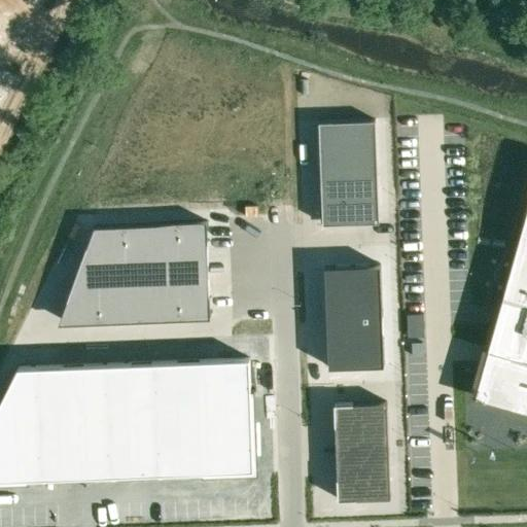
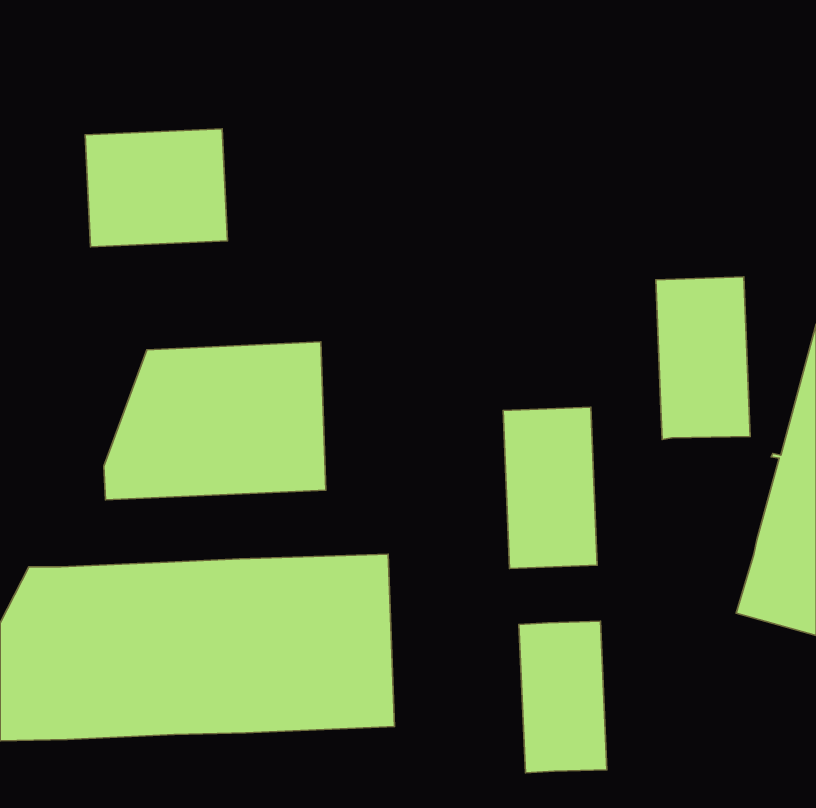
building: none -> [85,129,227,247]
building: [319,124,380,229] -> [656,277,750,440]

